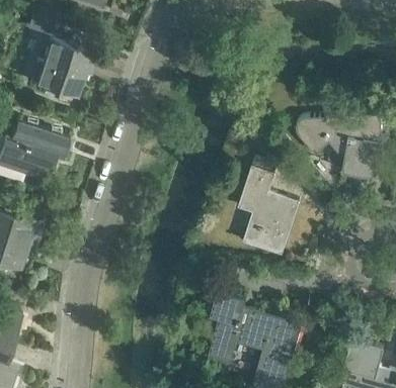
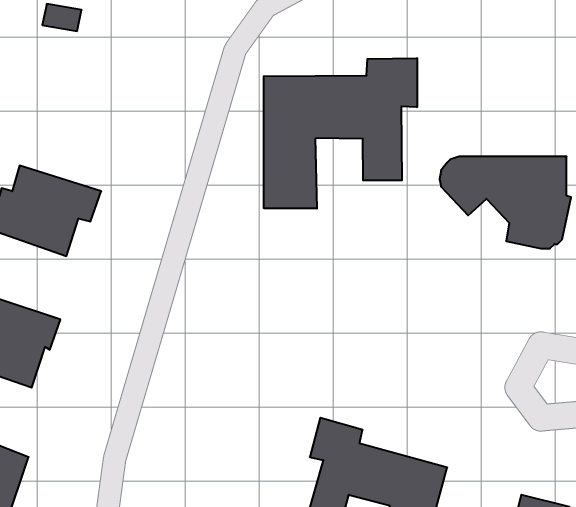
building: [29,38,96,98] -> none
building: none -> [264,58,417,209]
building: [236,166,299,256] -> none

